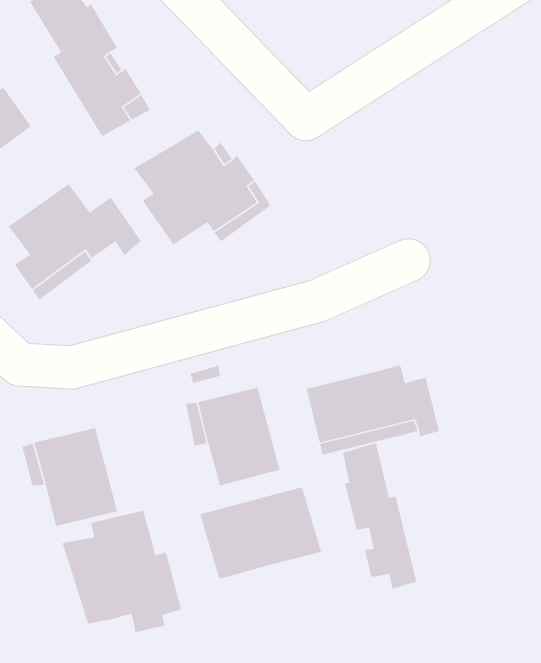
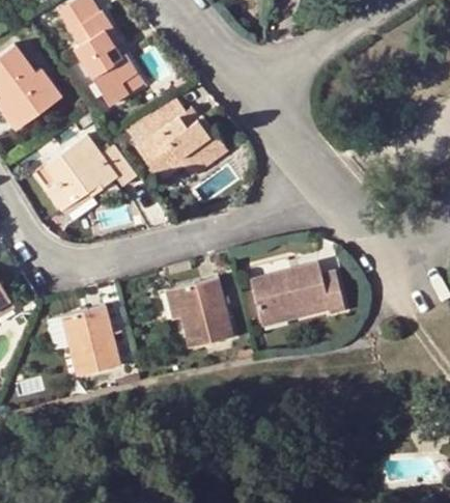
building: [342,442,417,590] -> none
building: [199,486,322,580] -> none
building: [62,510,182,633] -> none

